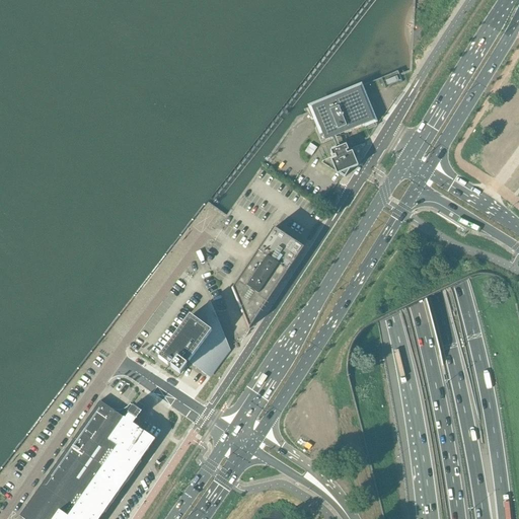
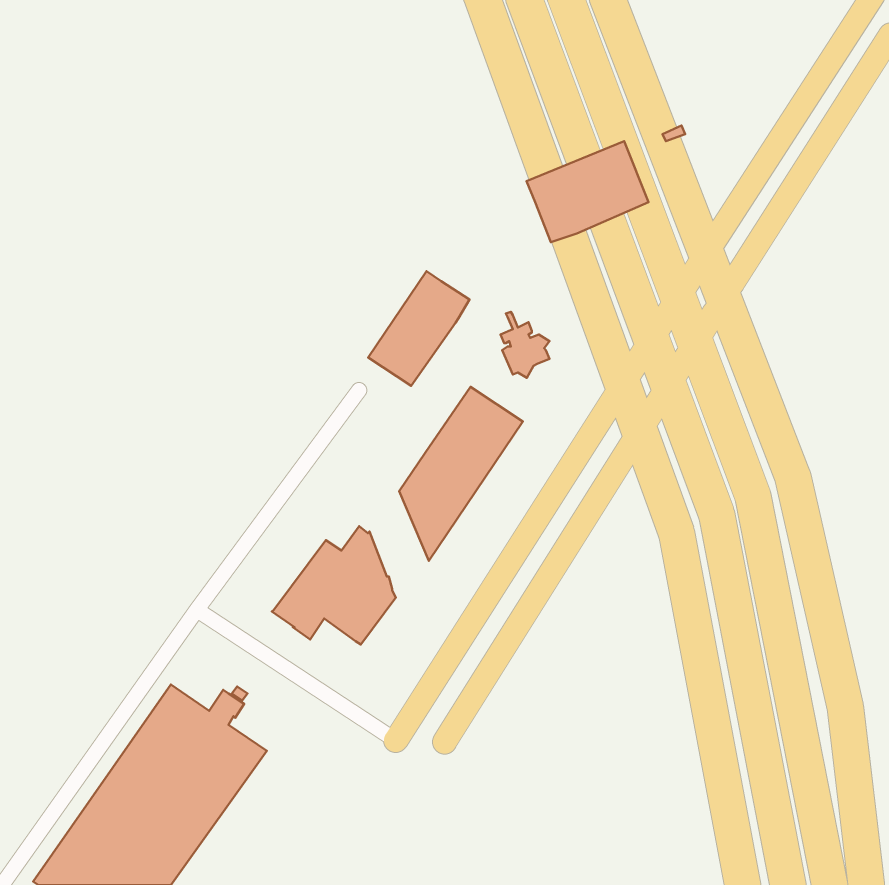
building: [330,136,359,174] -> [501,312,549,378]
building: none -> [368,271,470,386]

